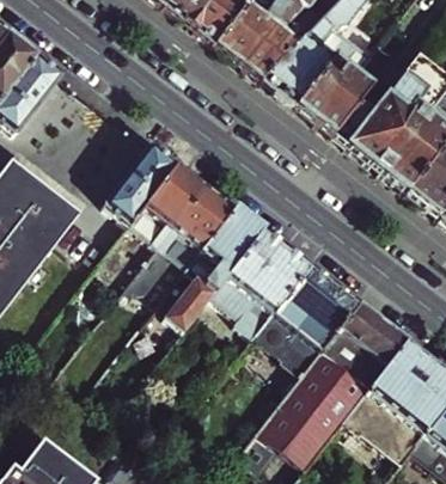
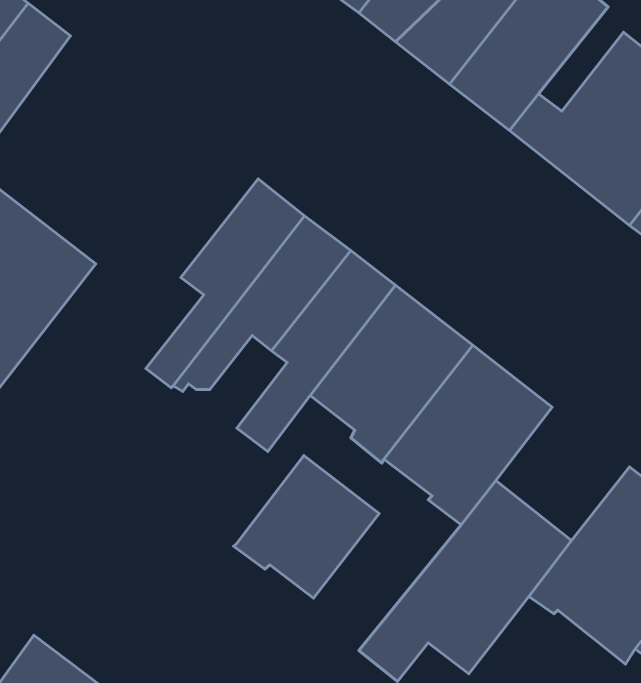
building: [106,140,179,221] -> none
building: [326,301,409,384] -> none
building: none -> [234,455,379,598]

